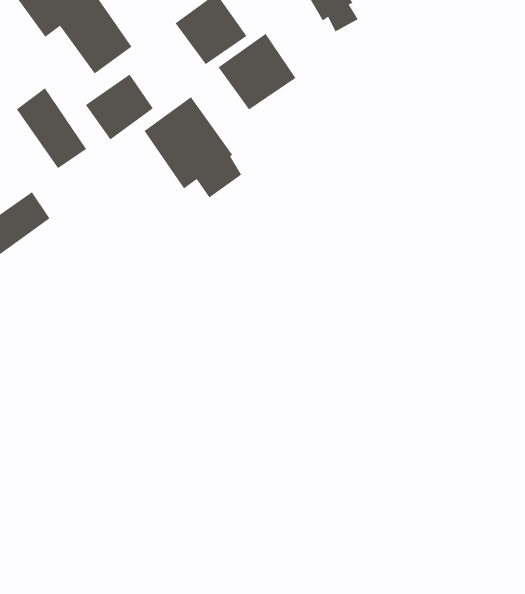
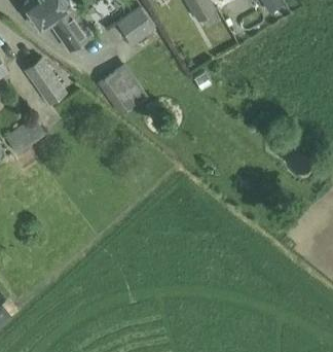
building: [217,33,296,111] -> none
building: [85,73,154,140] -> none

